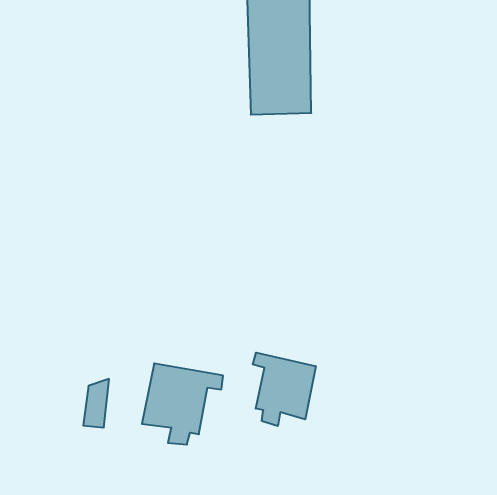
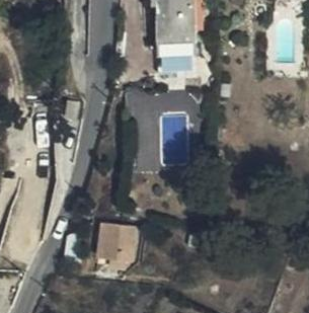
building: [253,353,316,426] -> none

